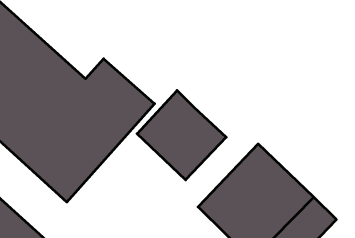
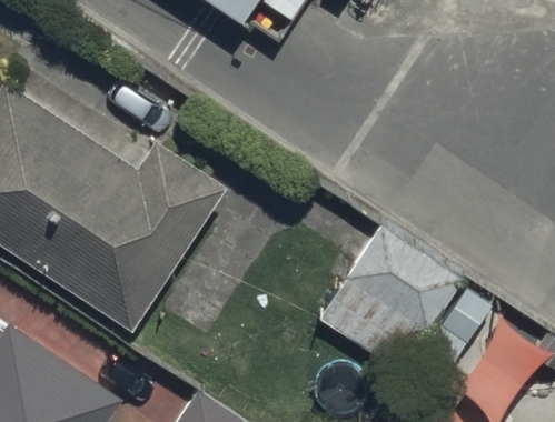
building: [137,90,226,180] -> none

